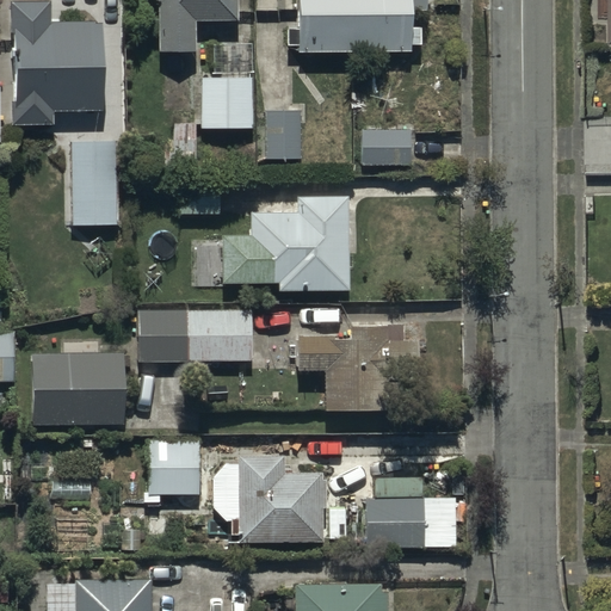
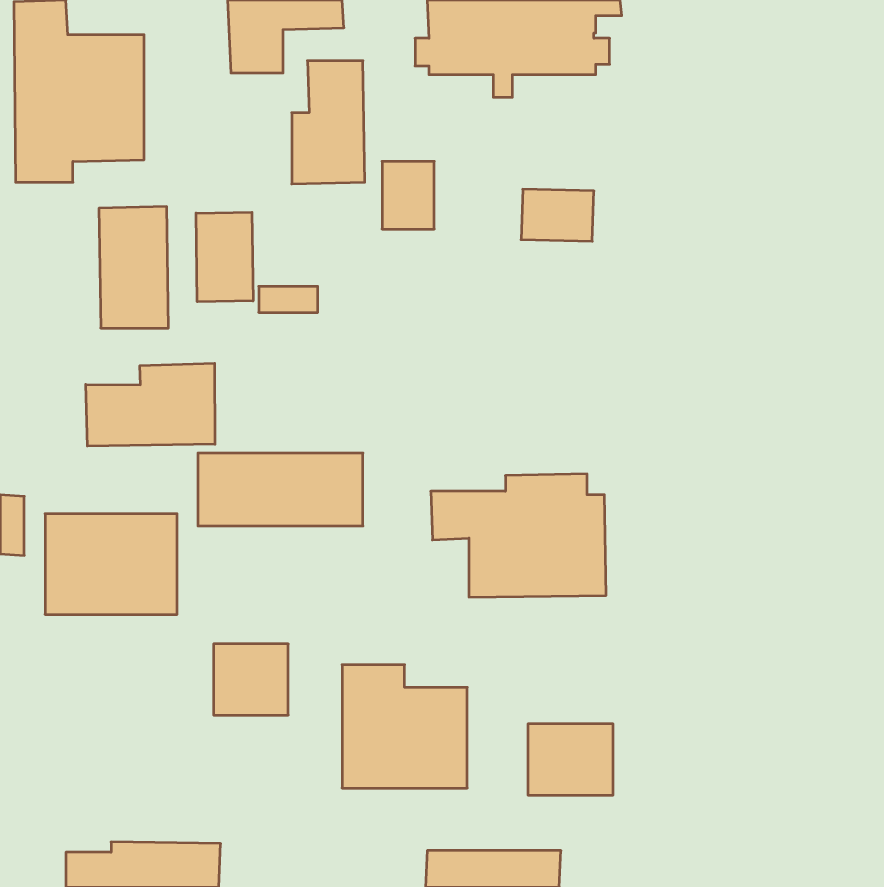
building: none -> [196,212,253,302]
building: [222,195,351,291] -> none
building: none -> [86,363,215,446]

